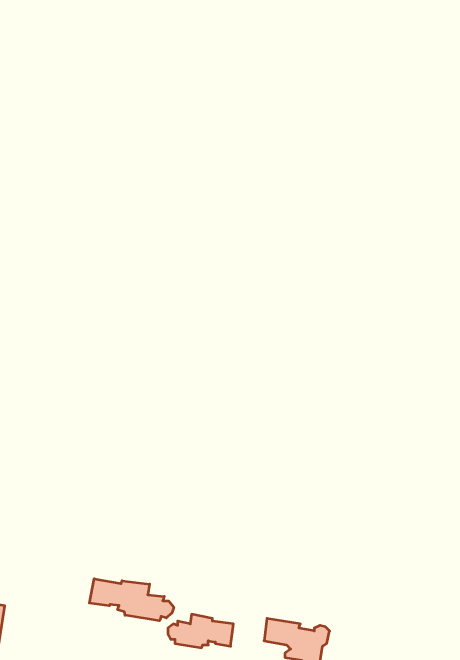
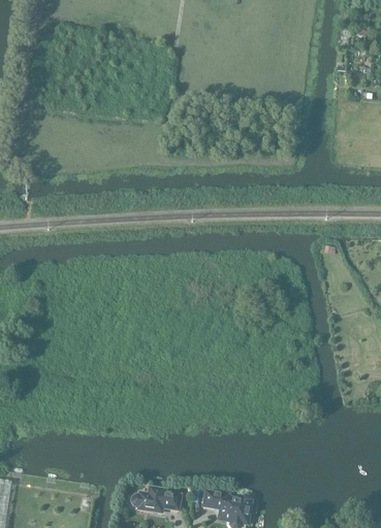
building: [89,579,174,621] -> none

